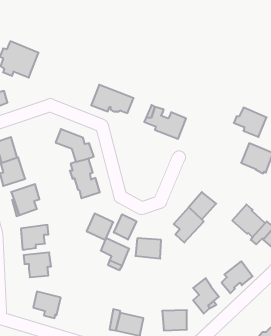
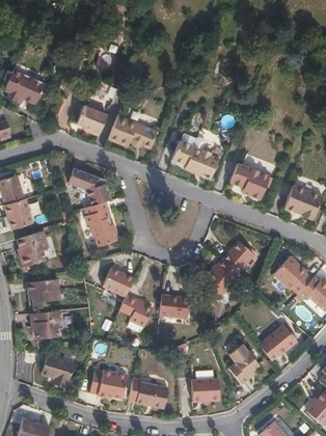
building: none -> [76,105,107,135]
building: [234,108,267,137] -> [232,163,270,197]
building: [114,214,136,240] -> none
building: none -> [91,369,129,397]

